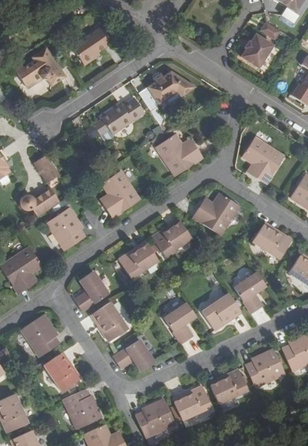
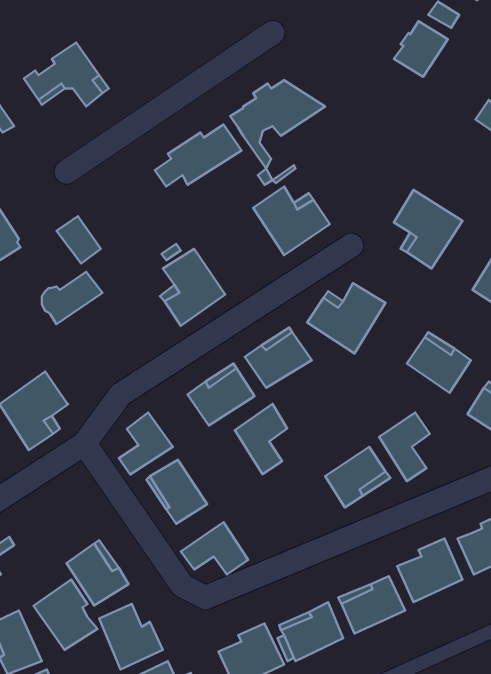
building: [75,26,114,64] -> none
building: [46,208,85,251] -> none
building: [162,302,194,345] -> [235,404,287,474]
building: [20,313,59,356] -> [34,580,97,650]

